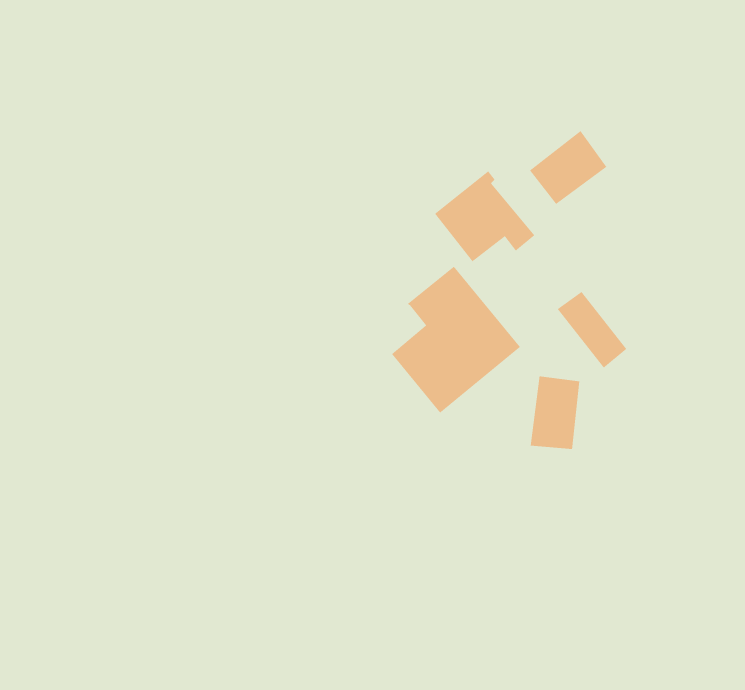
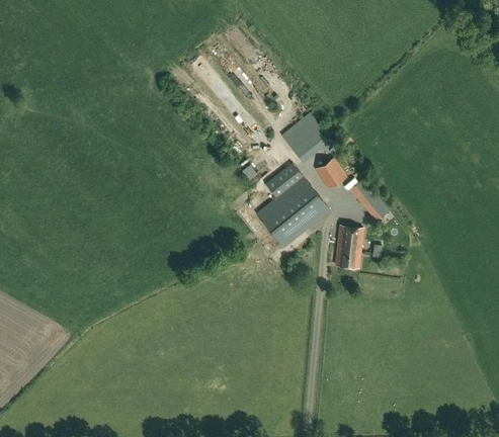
building: [529,130,607,205] -> none
building: none -> [315,158,346,189]

